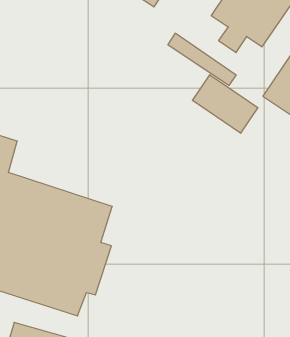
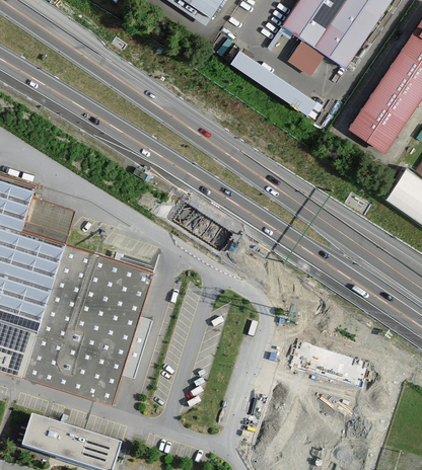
building: [192,75,258,133] -> none

